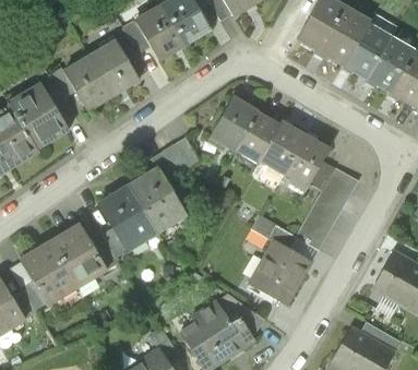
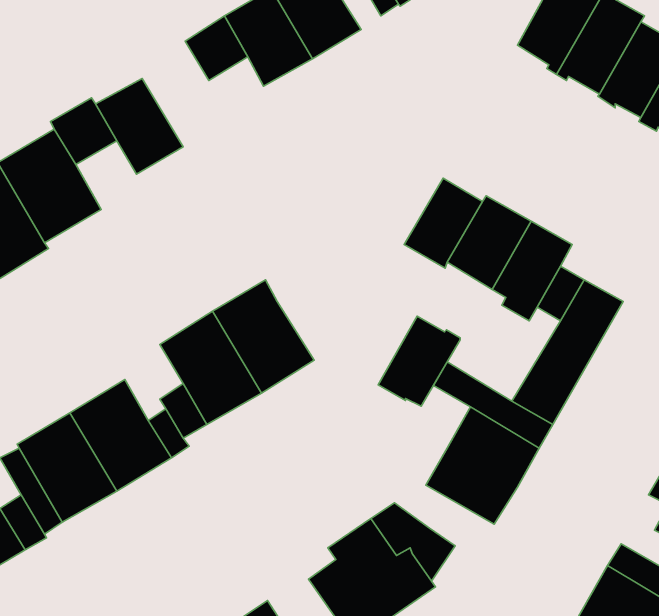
building: [89,35,139,94] -> none
building: [212,98,258,148] -> [378,316,460,406]
building: [152,136,199,180] -> none

